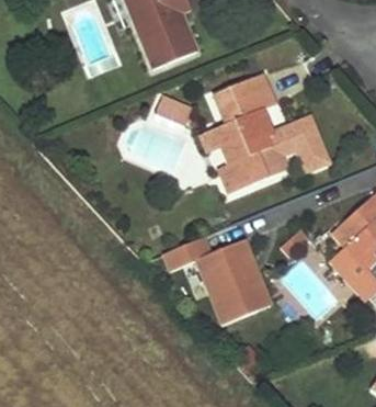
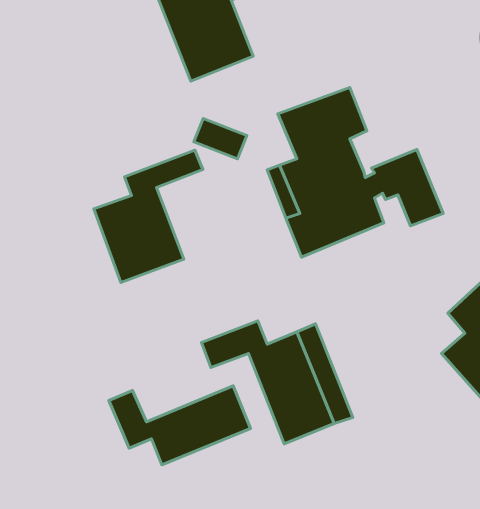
building: none -> [94,150,203,282]
building: none -> [109,386,250,465]

